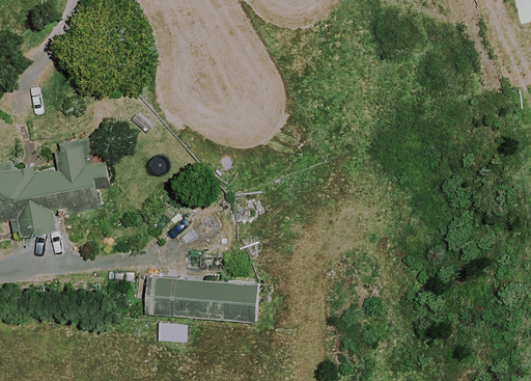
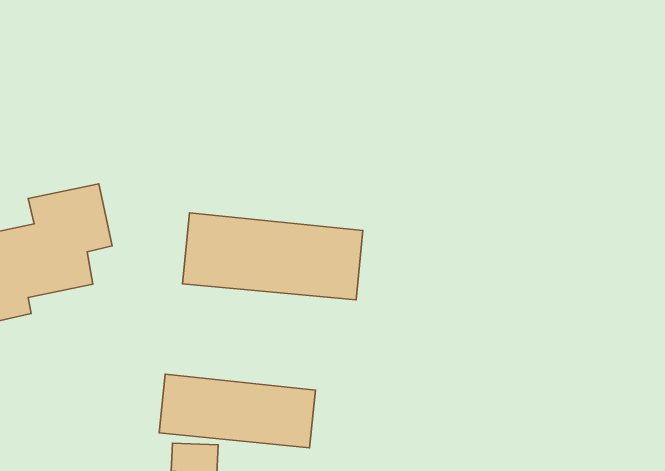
building: none -> [183,213,363,300]

